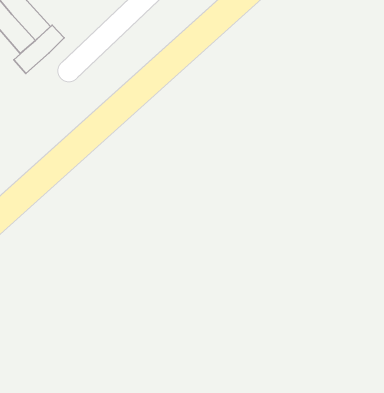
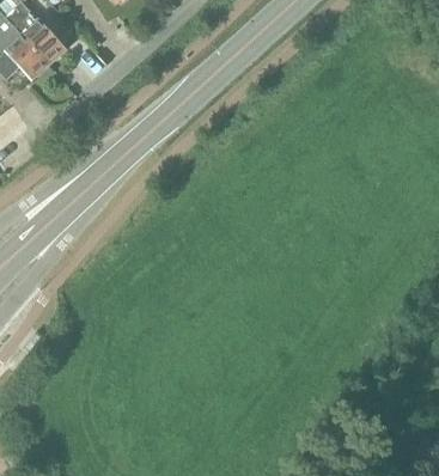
building: [14,25,64,73] -> none

